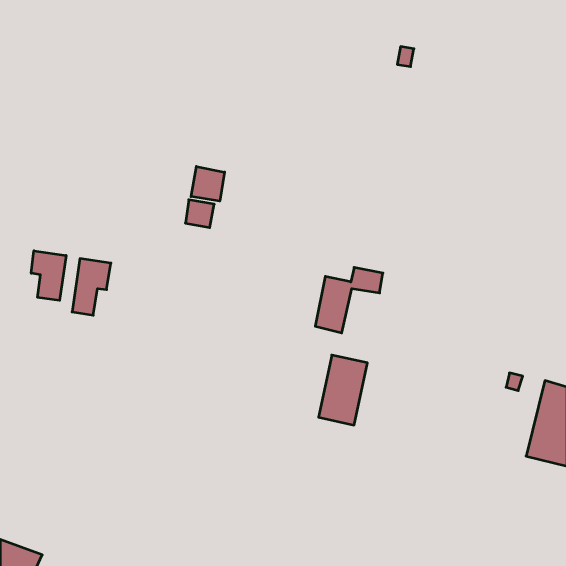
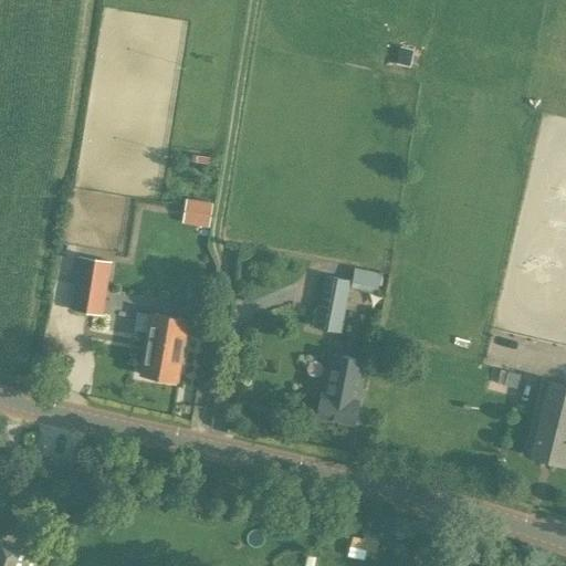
building: [191,166,225,201] -> none
building: [31,251,66,300] -> none
building: none -> [142,315,189,382]

